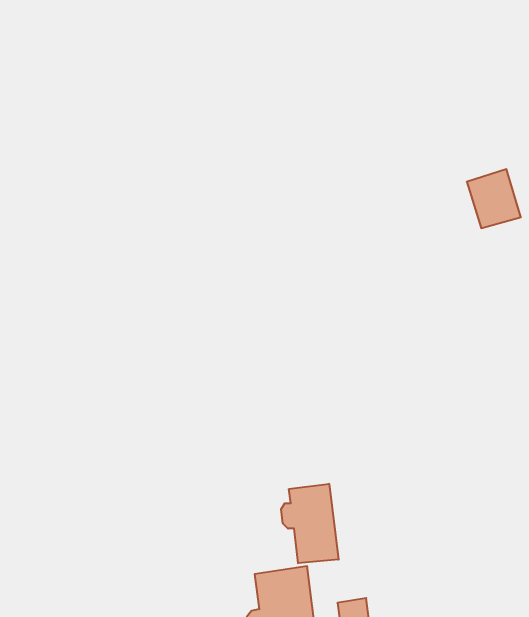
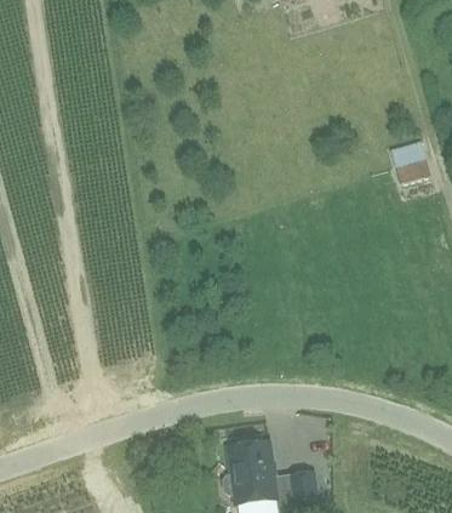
building: [281,484,339,563] -> none

